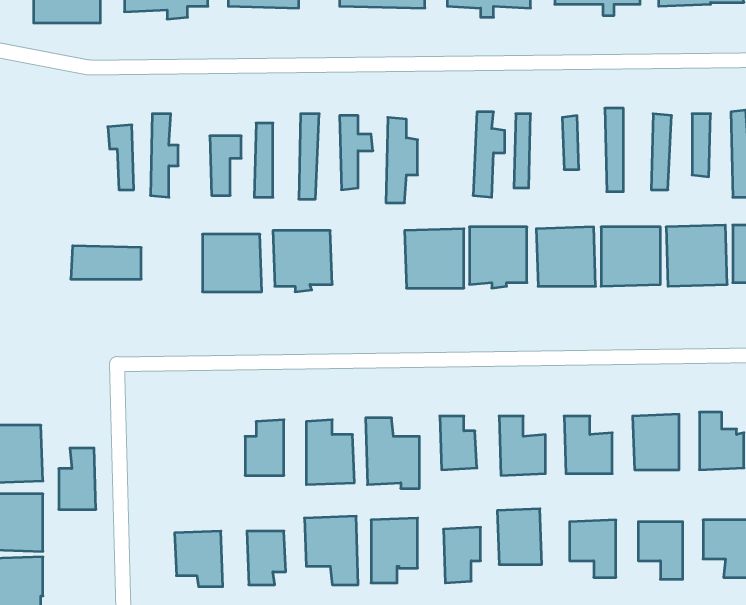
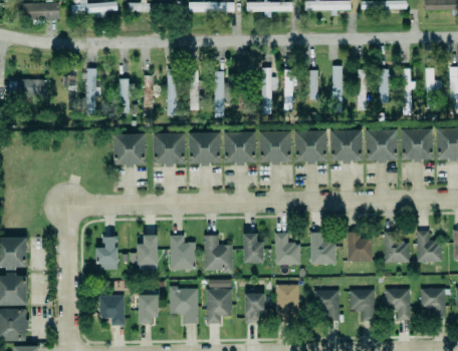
building: none -> [189,132,222,164]
building: [71,246,141,279] -> [9,79,47,97]
building: [59,448,96,509] -> [98,237,119,270]

